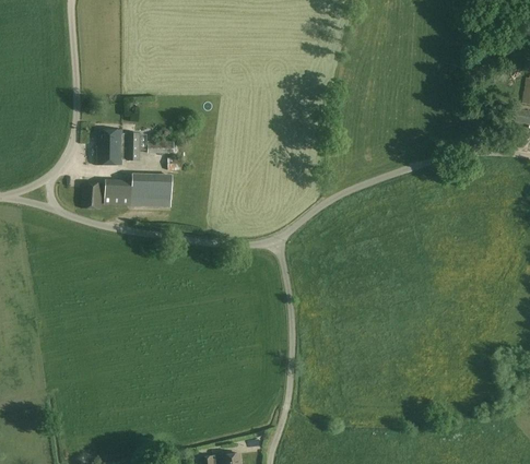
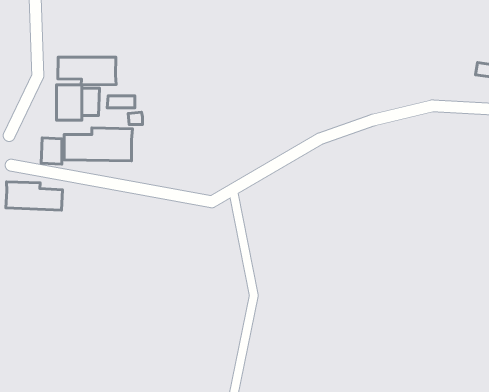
building: none -> [58,57,116,85]
building: none -> [6,182,63,210]

